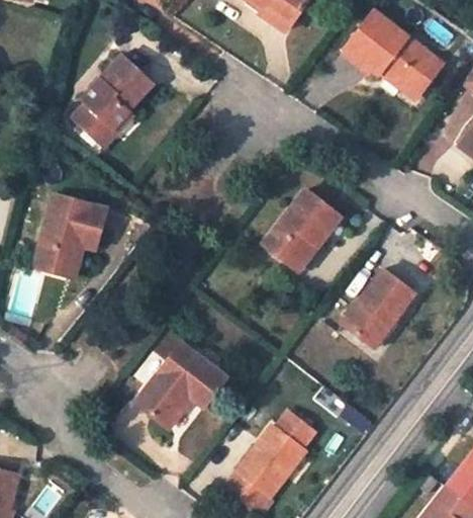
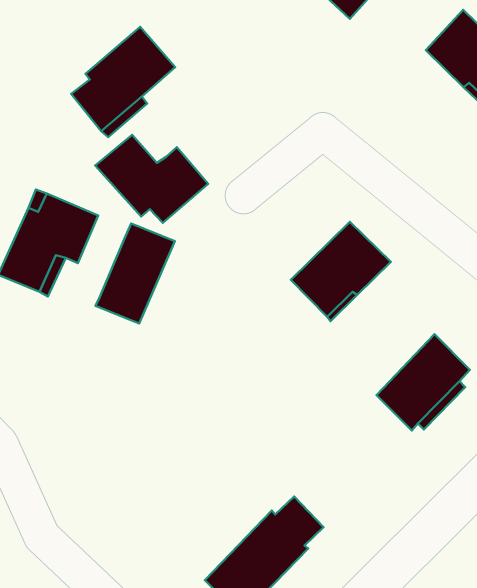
building: none -> [95,135,208,223]
building: none -> [95,223,175,323]
building: [135,343,226,427] -> none

